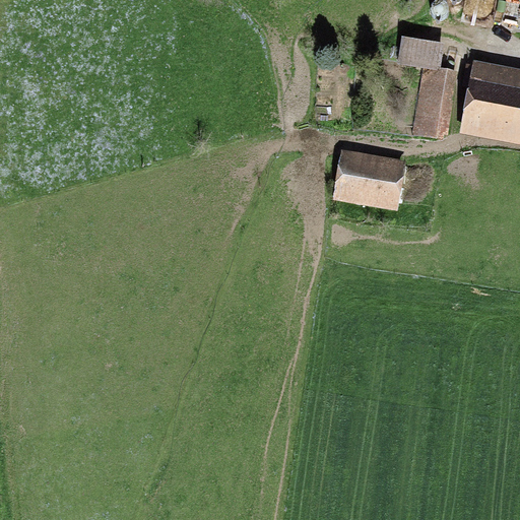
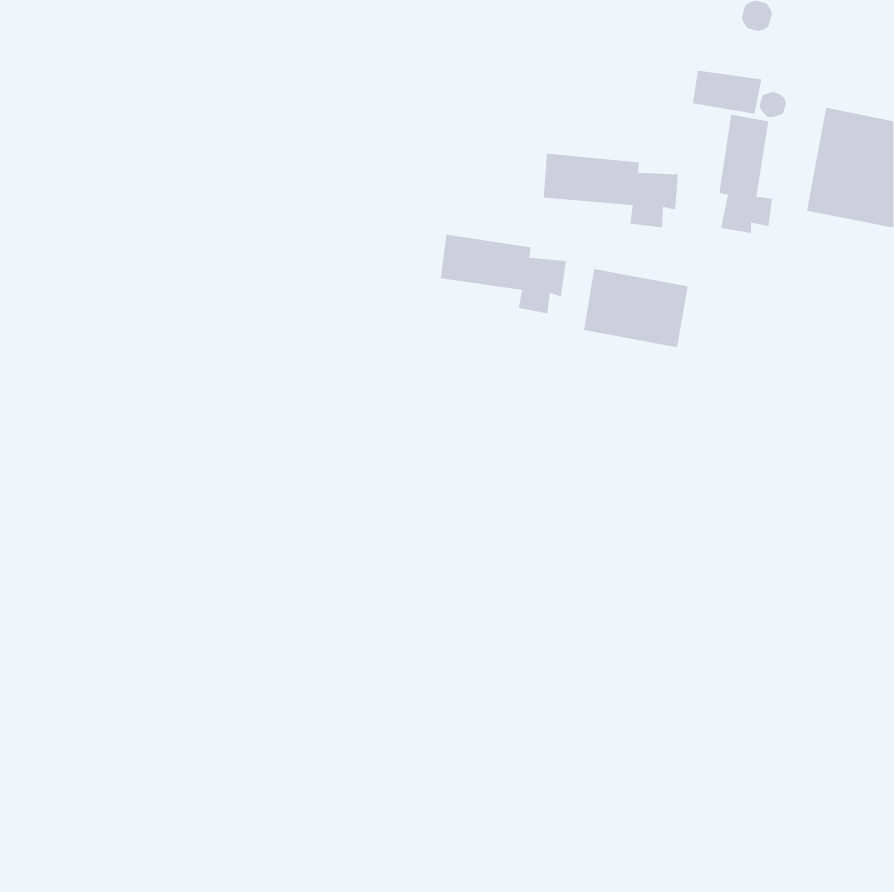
building: none -> [543,153,679,228]
building: none -> [440,234,566,314]

